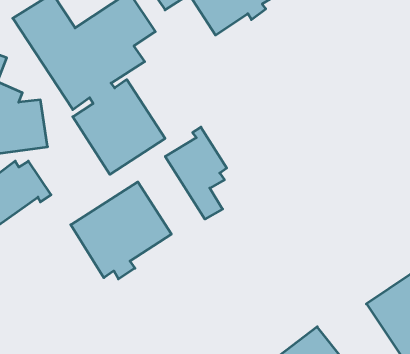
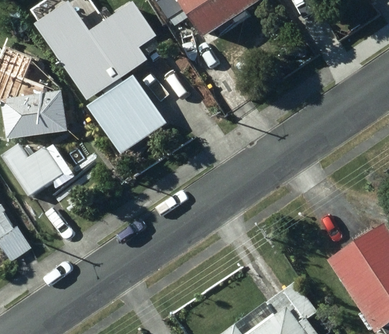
building: [165,127,227,219] -> none
building: [71,182,171,279] -> none

